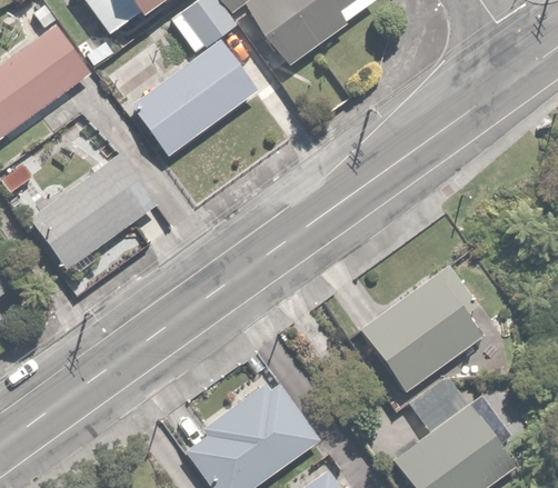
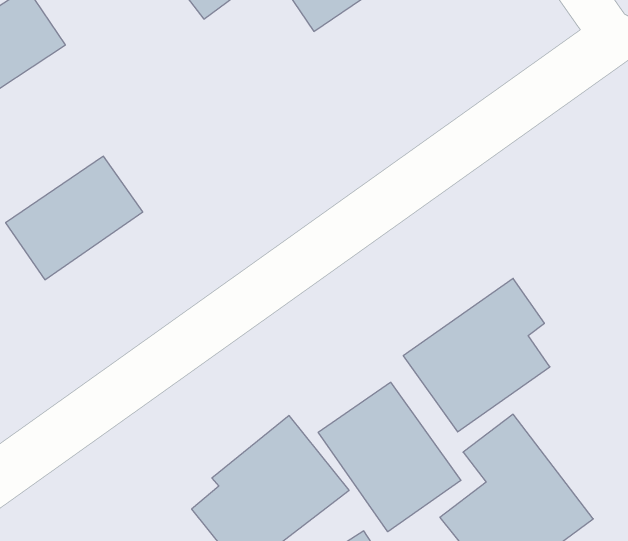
building: [133,43,259,153] -> none
building: none -> [318,382,461,532]

